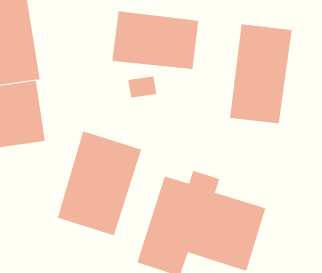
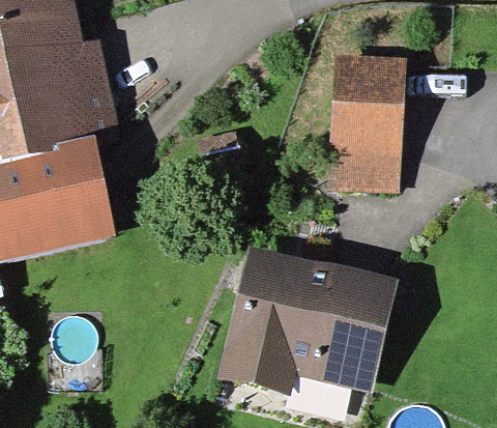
building: [112,10,199,70] -> none
building: [57,130,142,236] -> none

